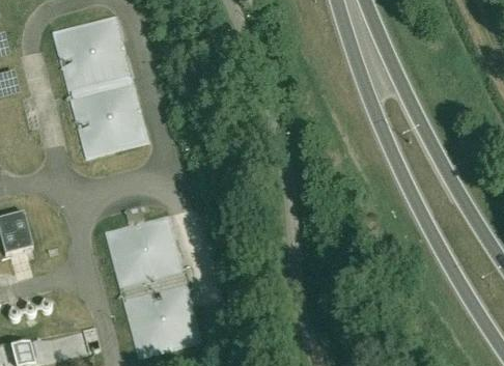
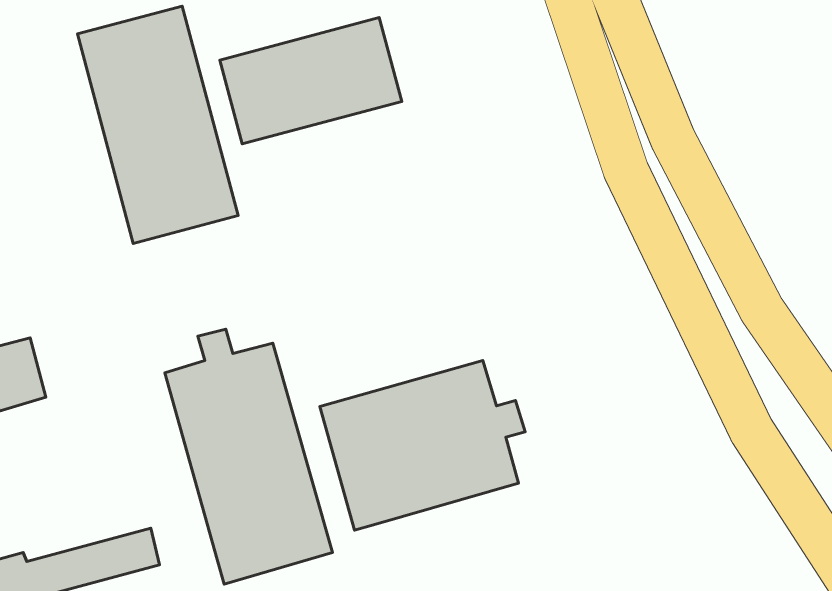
building: none -> [220,18,402,144]
building: none -> [320,360,525,530]

